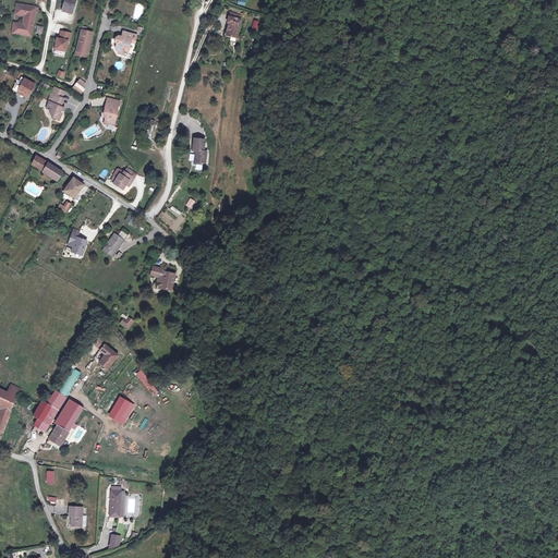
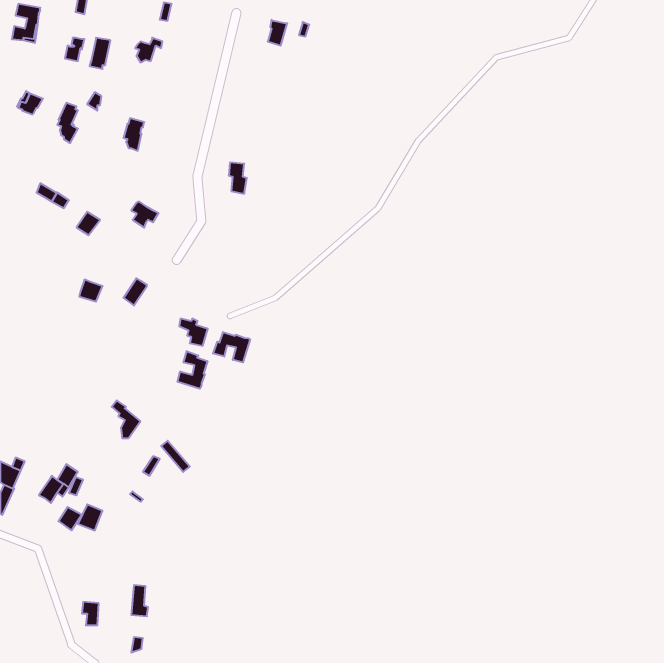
building: none -> [213,332,250,362]
building: none -> [178,351,207,389]

